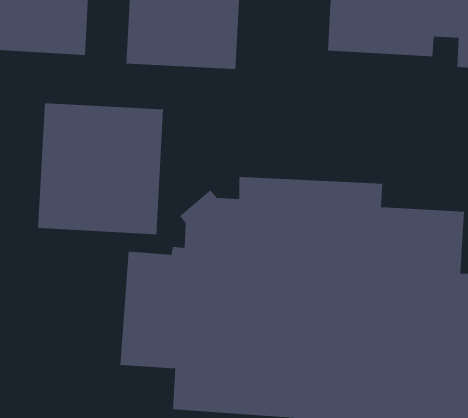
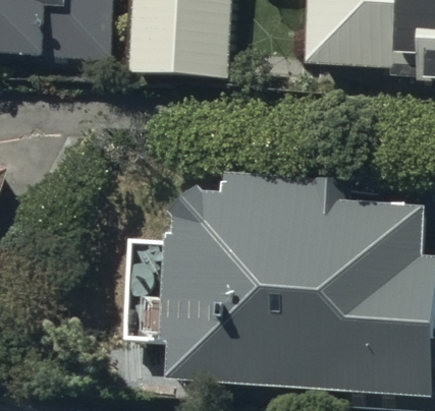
building: [38,102,164,235] -> none

